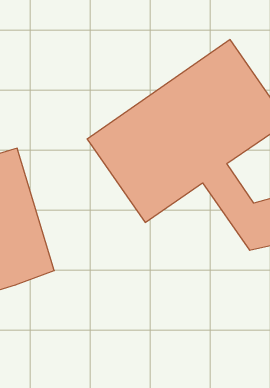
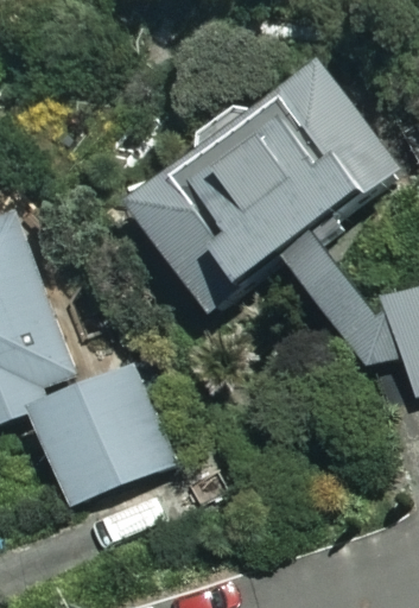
building: none -> [40,373,178,499]

